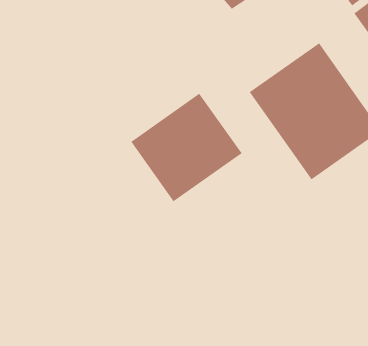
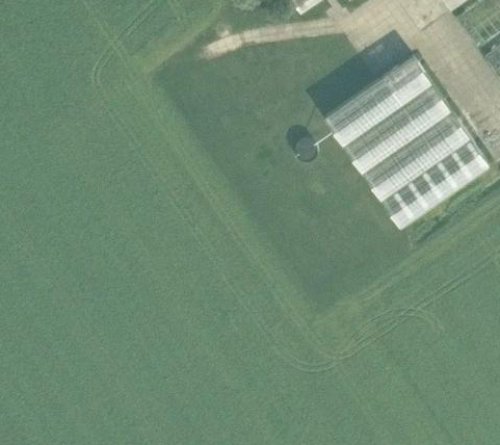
building: [131,93,242,202] -> none

